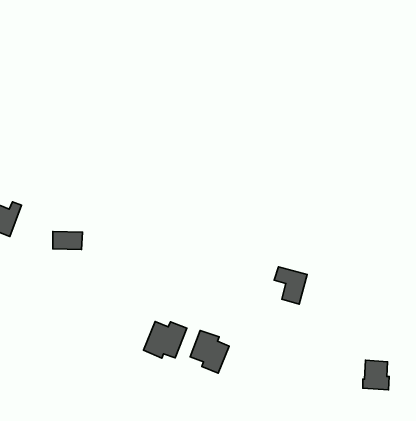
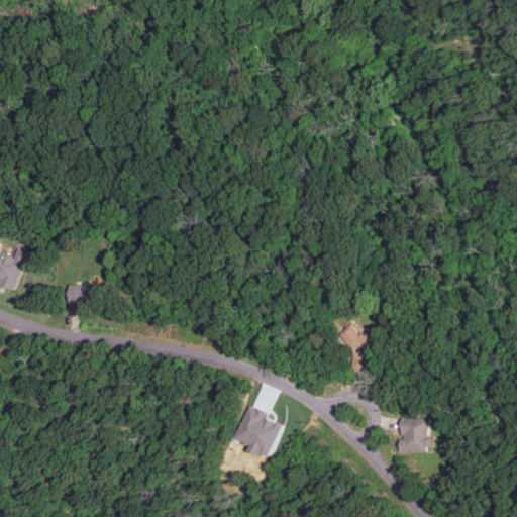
building: [143,322,187,358] -> none
building: [363,360,389,390] -> [396,416,428,452]

